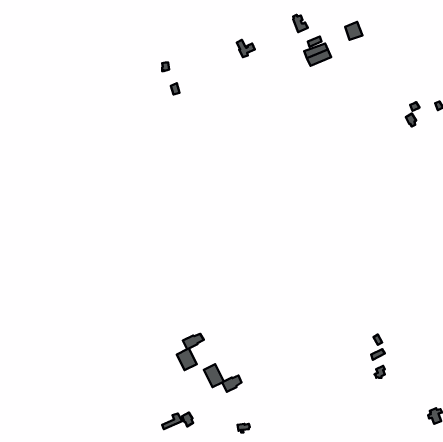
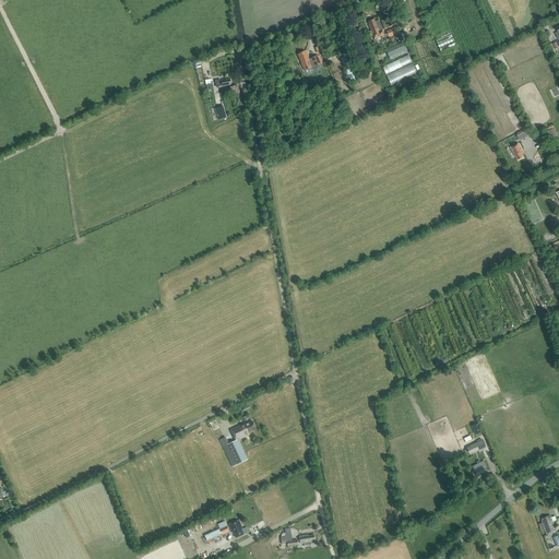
building: [204,364,242,392] -> none

